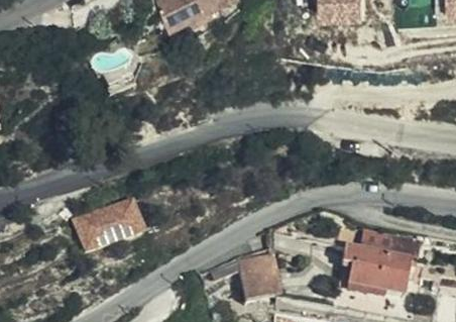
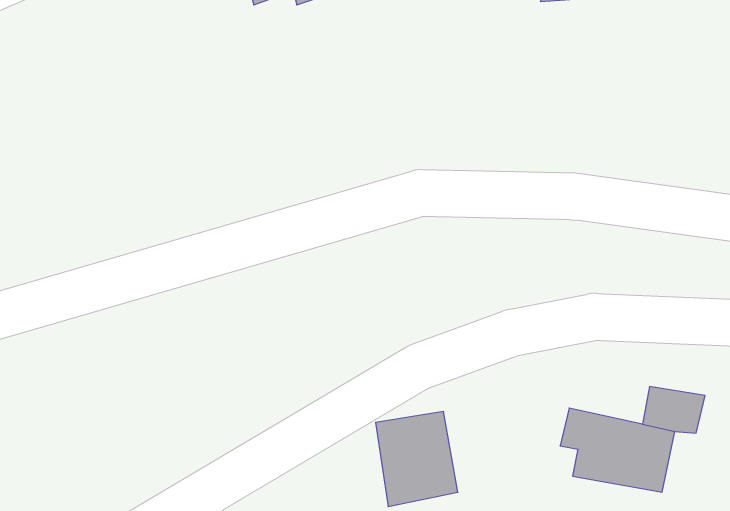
building: [73,200,149,258] -> none

